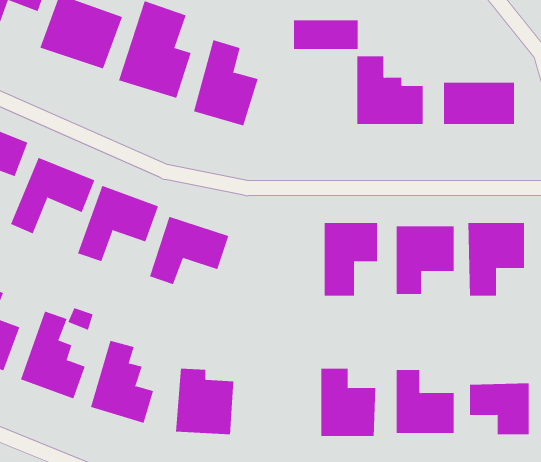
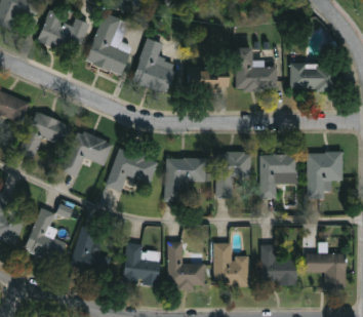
building: [293,20,358,49] -> [189,69,230,87]
building: none -> [165,157,211,201]
building: none -> [168,242,205,287]

